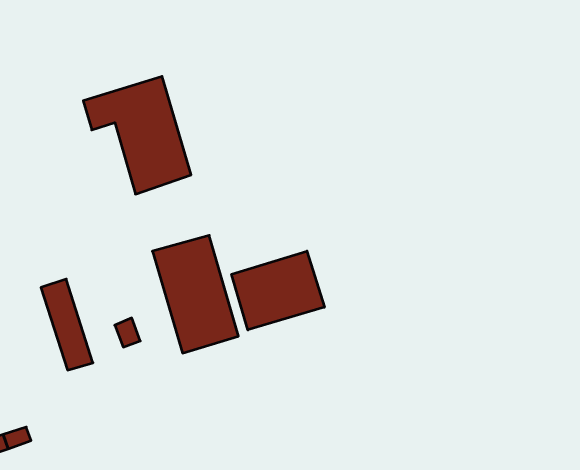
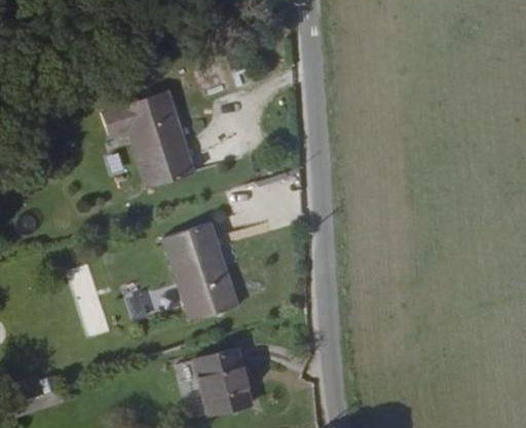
building: [232,251,324,330] -> none
building: none -> [190,343,247,410]

